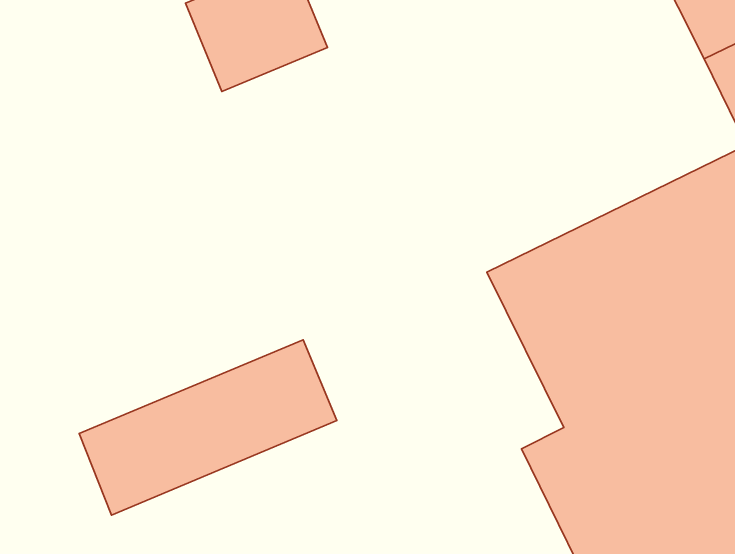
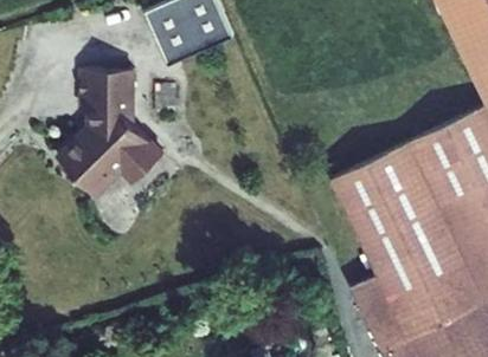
building: none -> [52,73,159,196]
building: [79,340,337,515] -> none

